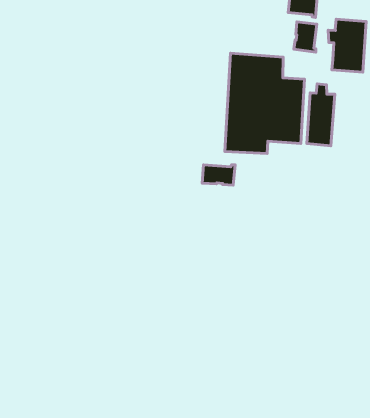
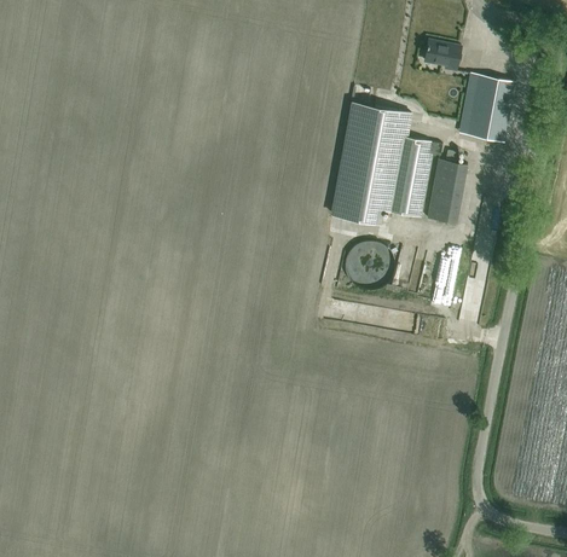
building: [294,22,317,52] -> none
building: [202,165,235,185] -> none

